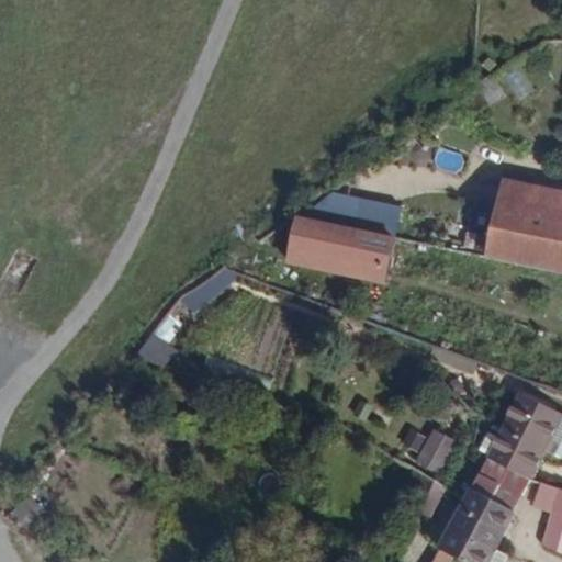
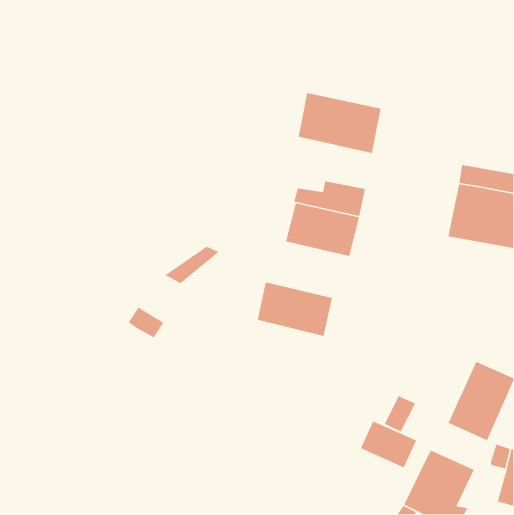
building: none -> [298,92,381,154]
building: [284,215,322,263] -> none
building: none -> [257,282,333,337]
building: [469,459,531,512] -> [360,420,417,469]

